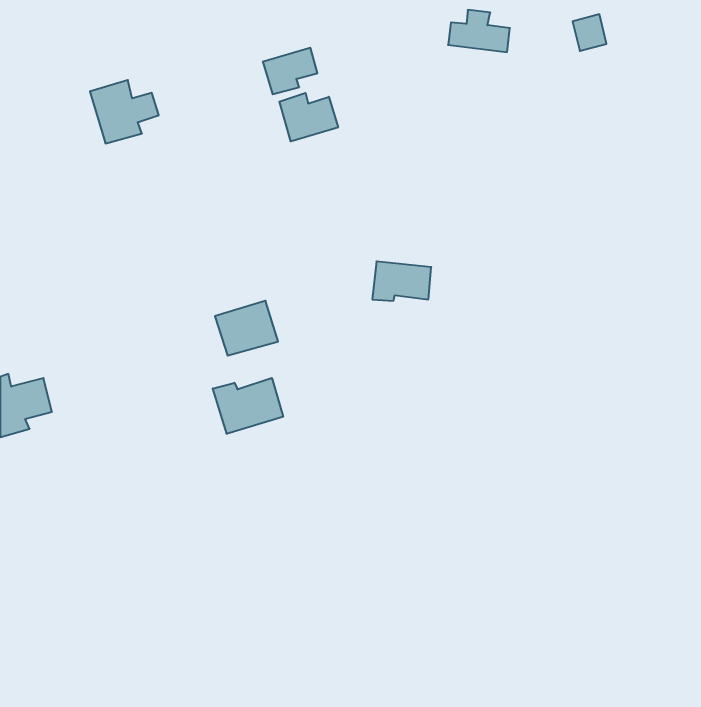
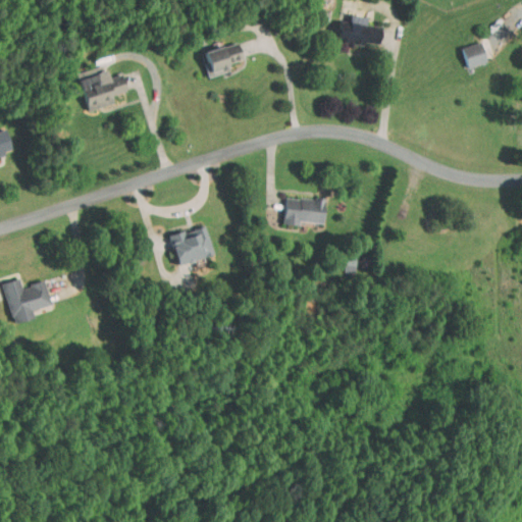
building: [573,14,606,51] -> [463,43,487,69]
building: [279,93,338,141] -> none
building: [213,378,283,434] -> none

